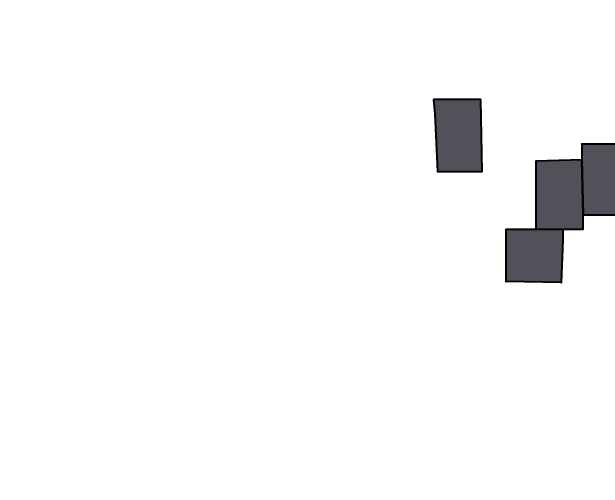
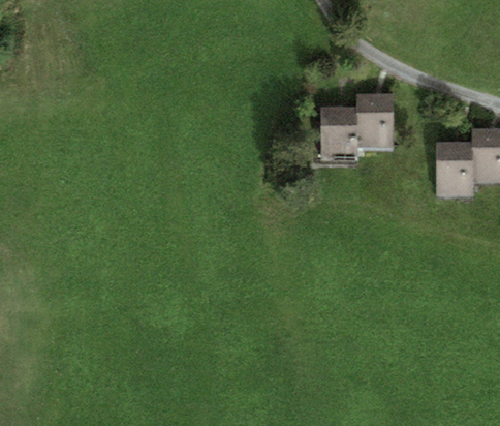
building: none -> [318,104,358,161]
building: [506,229,563,283] -> none

